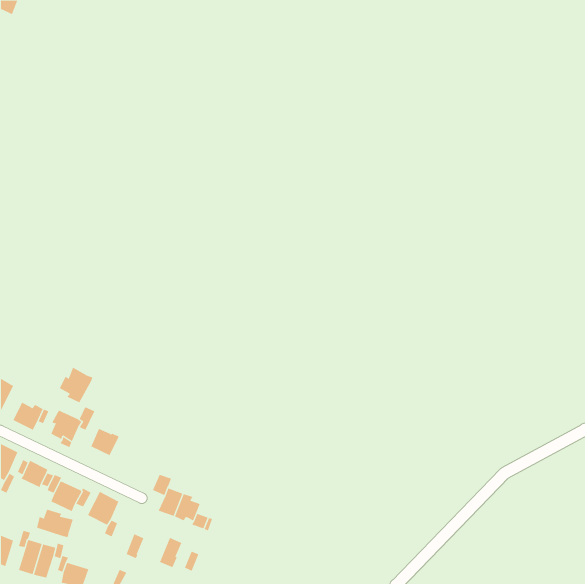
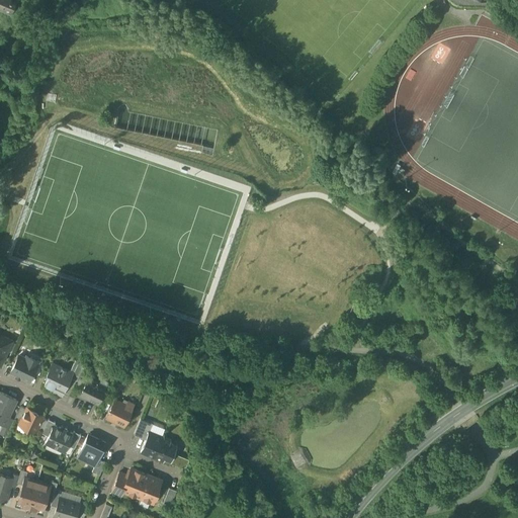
building: [59,367,93,403] -> none
building: none -> [106,400,134,426]
building: [37,509,74,538] -> none
building: none -> [121,468,150,496]

